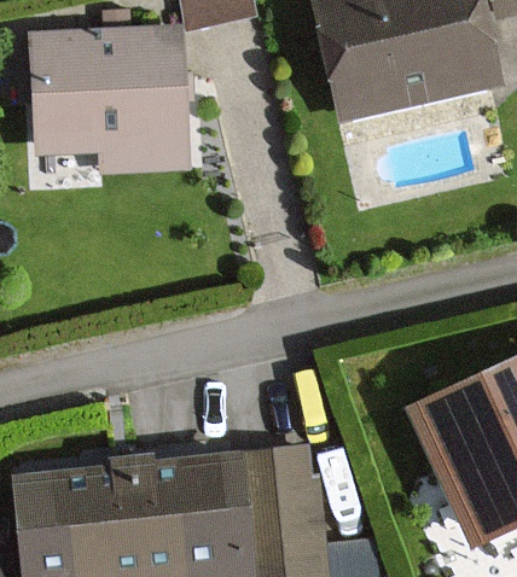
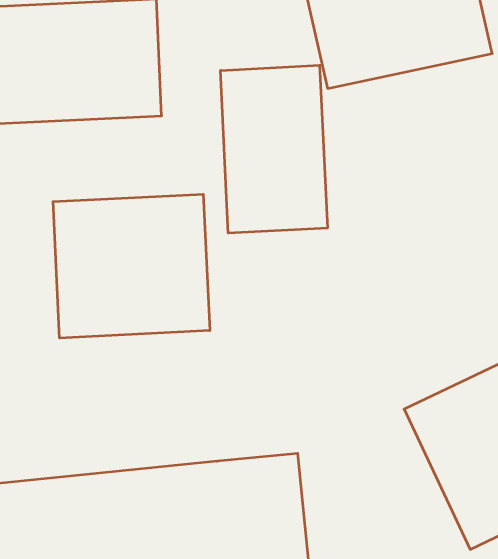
building: none -> [221,65,327,233]
building: none -> [53,194,210,338]

